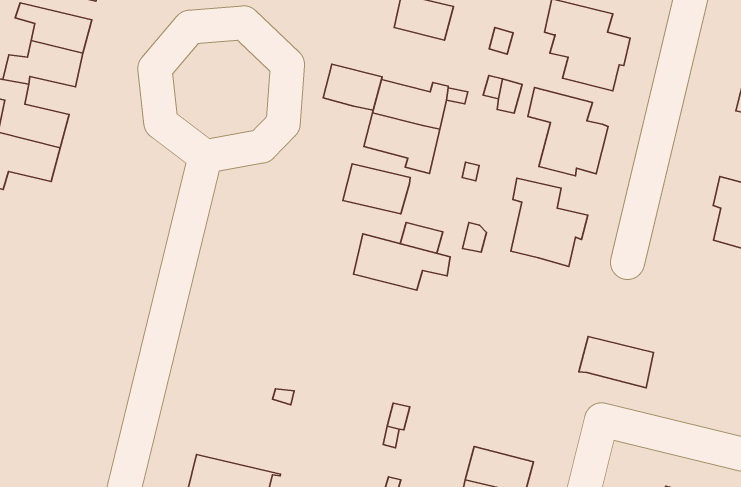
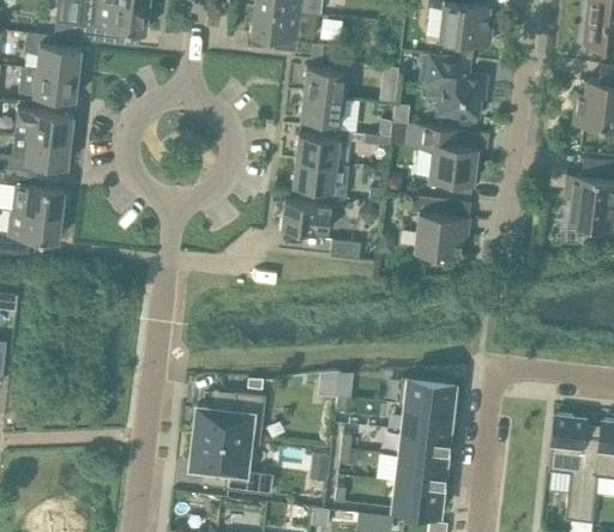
building: [323,64,382,110] -> [301,95,344,126]
building: [353,234,450,290] -> none
building: [579,337,654,388] -> [399,379,455,412]
building: none -> [194,394,266,446]

